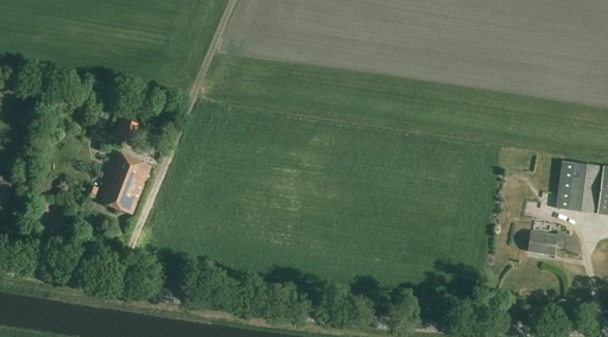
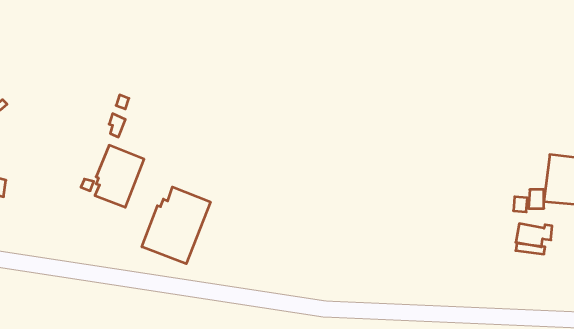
building: none -> [142,187,210,264]

